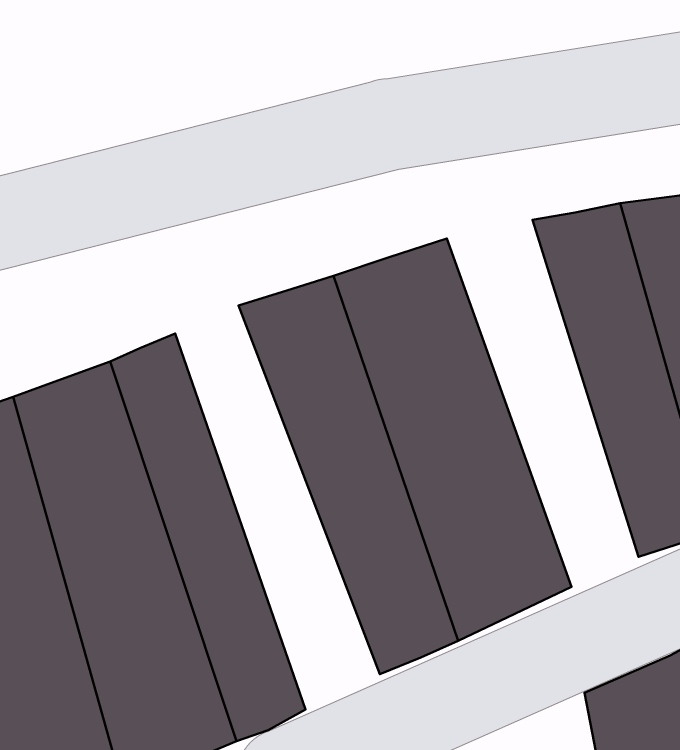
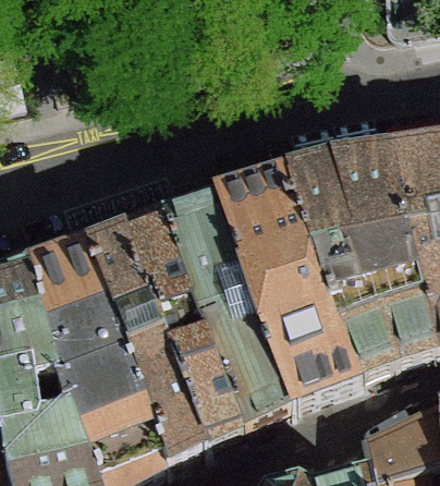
building: none -> [283,163,395,378]
building: none -> [124,214,244,450]

